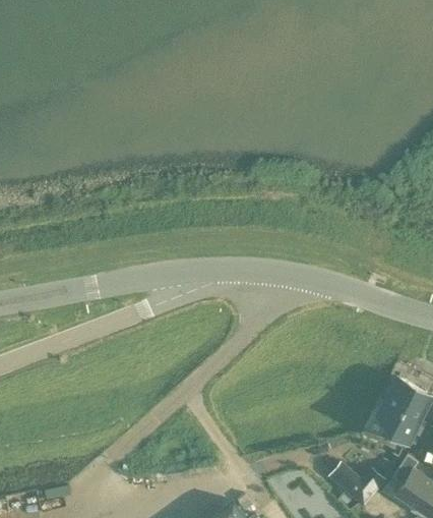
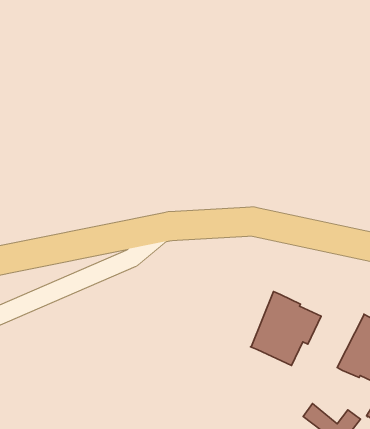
building: none -> [250,292,321,366]

